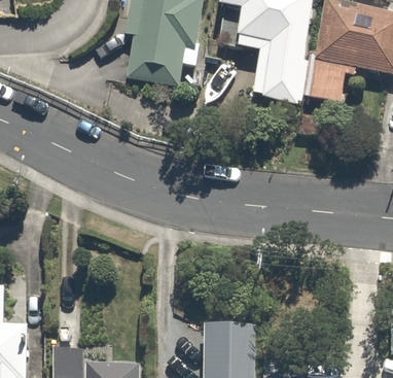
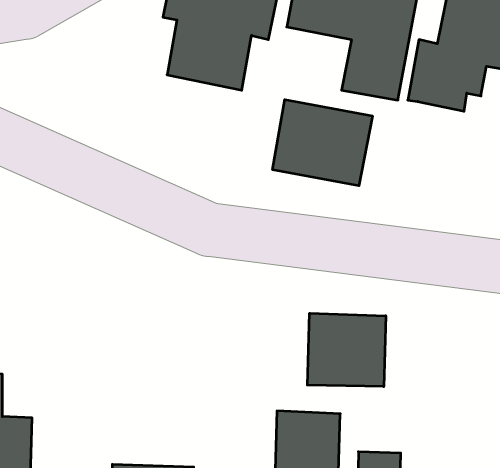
building: none -> [273,100,372,186]
building: none -> [307,313,386,387]

